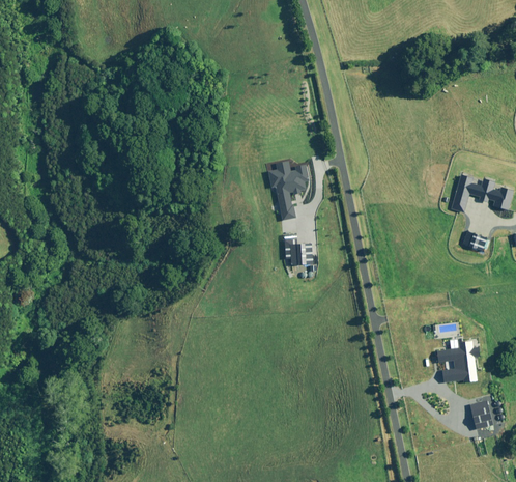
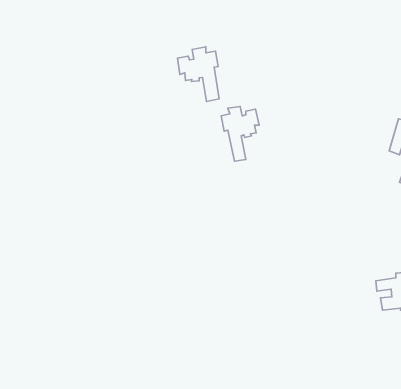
building: none -> [178,47,219,101]
building: [285,239,313,264] -> none

